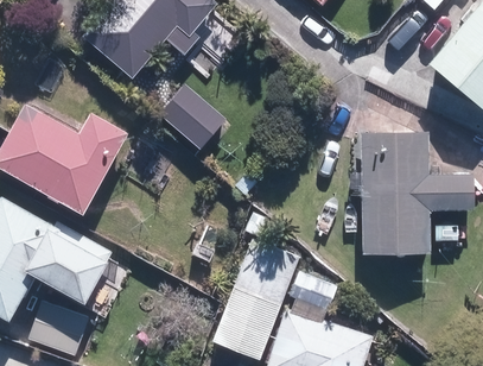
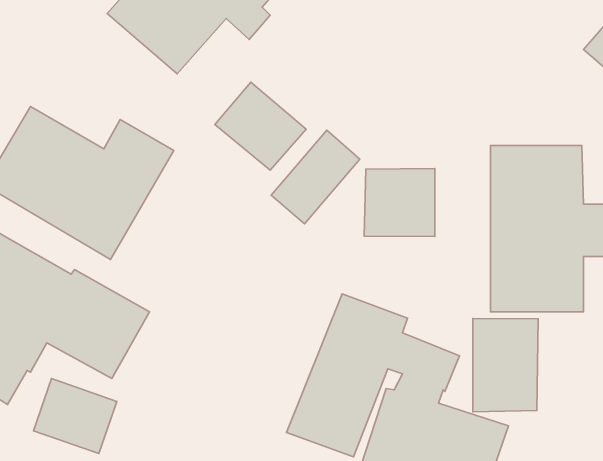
building: none -> [271,130,360,224]
building: none -> [364,168,435,236]
building: none -> [473,318,538,412]

